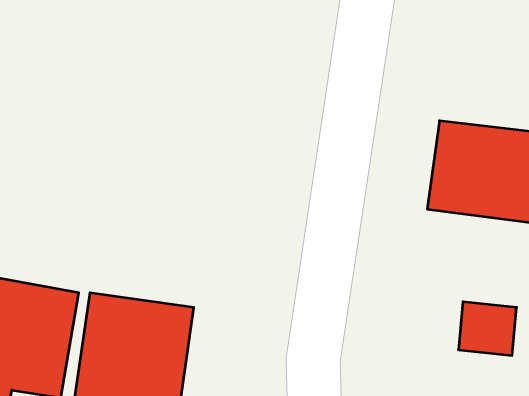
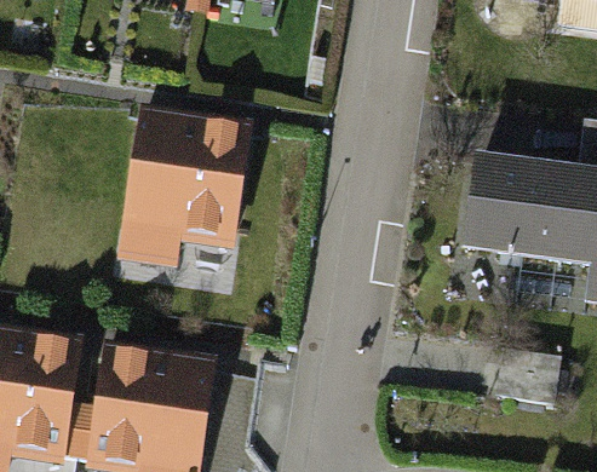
building: none -> [115,110,253,271]

